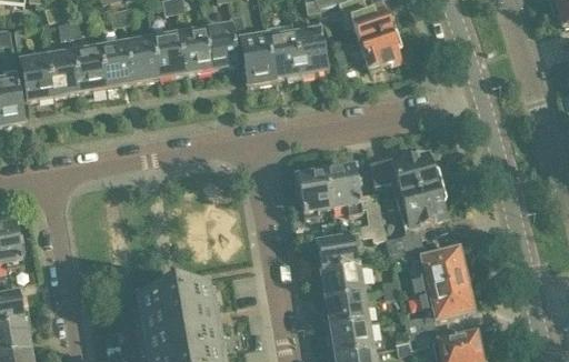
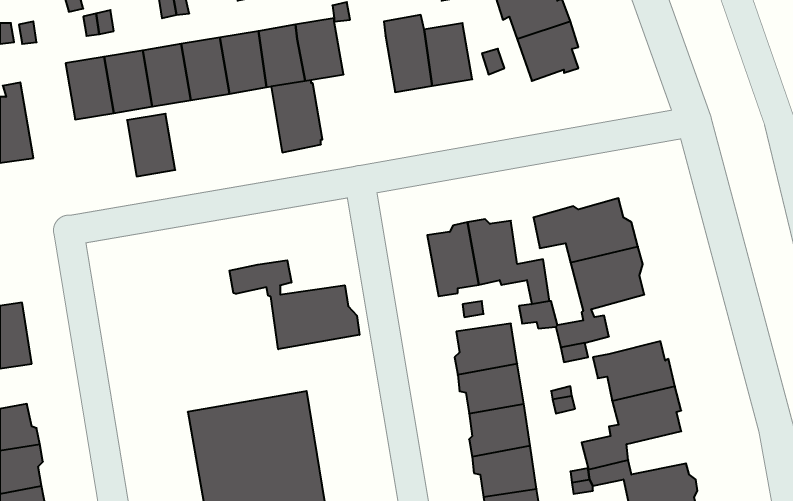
building: [239,34,274,84] -> [271,80,322,152]
building: [20,56,53,99] -> [127,114,175,176]
building: none -> [229,260,359,349]

